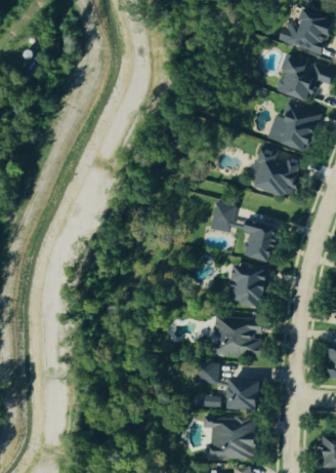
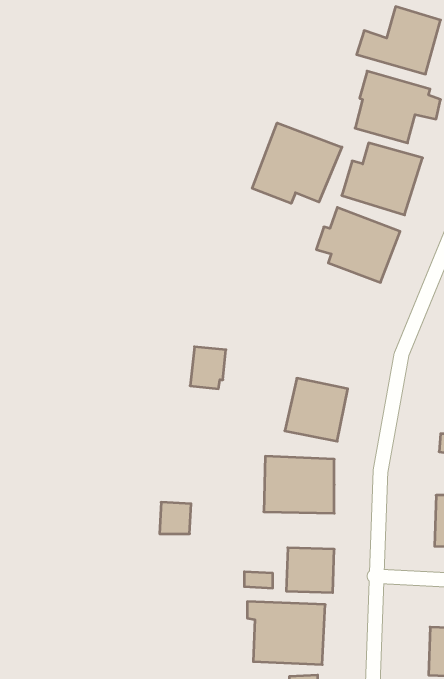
building: none -> [252,123,342,203]
building: [208,203,233,232] -> [190,347,226,389]
building: [242,224,279,262] -> none
building: [195,362,216,384] -> [160,502,191,534]

